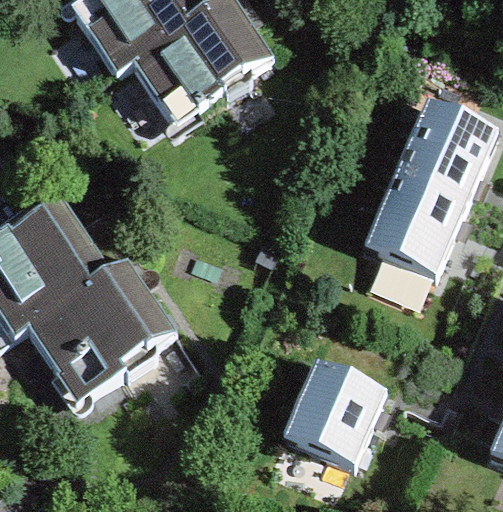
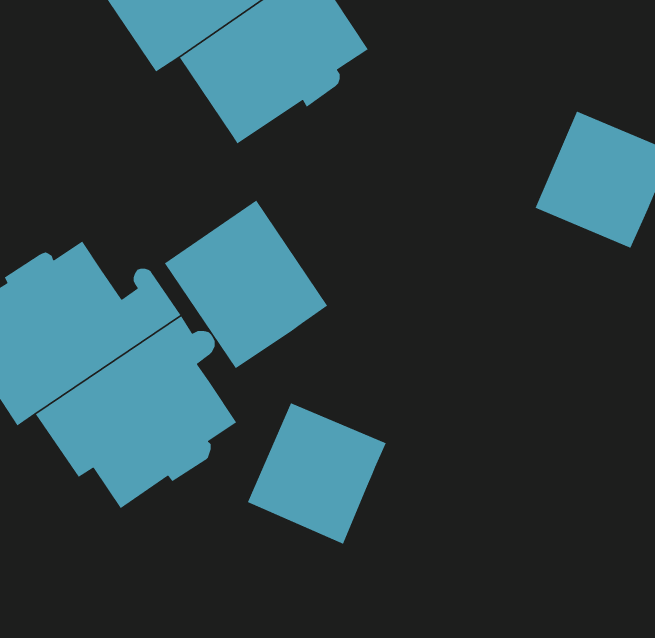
building: none -> [164,200,328,369]
building: [364,174,466,277] -> none
building: [283,362,386,467] -> [247,402,387,545]

